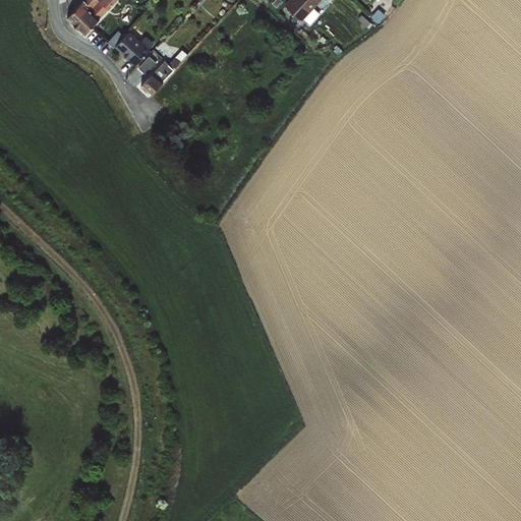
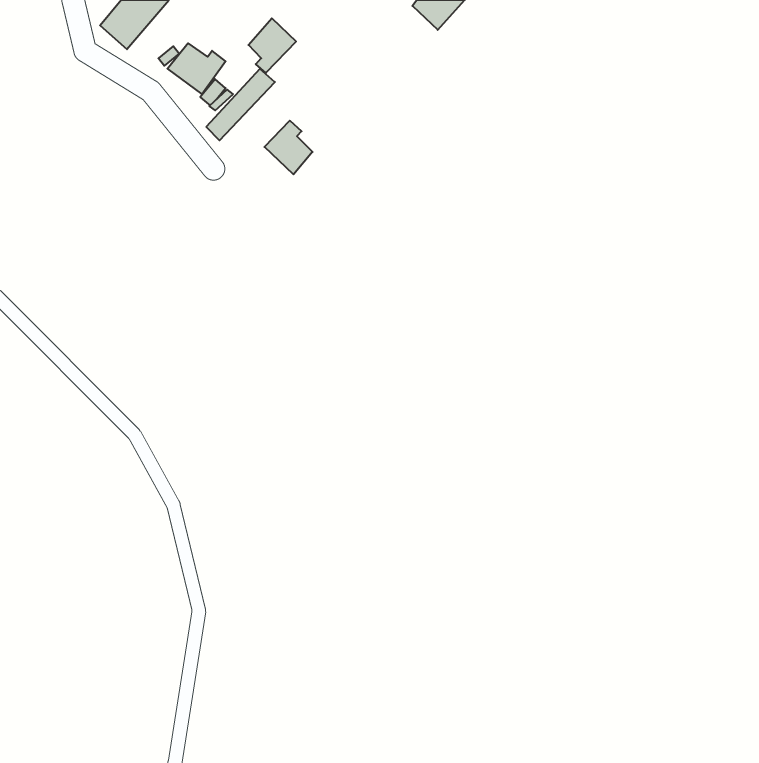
building: none -> [248,18,296,73]
building: none -> [264,121,313,174]

